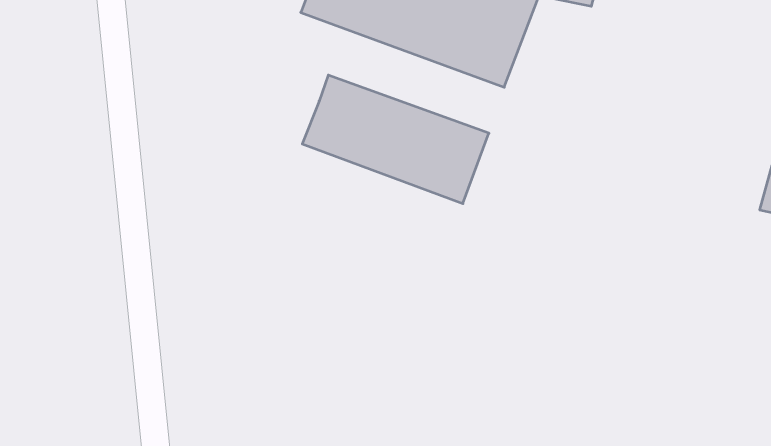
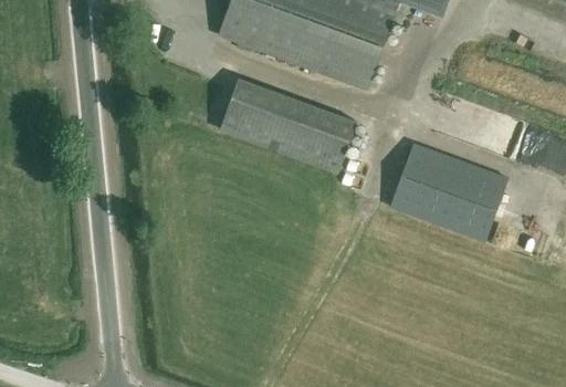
building: none -> [389,144,506,241]

